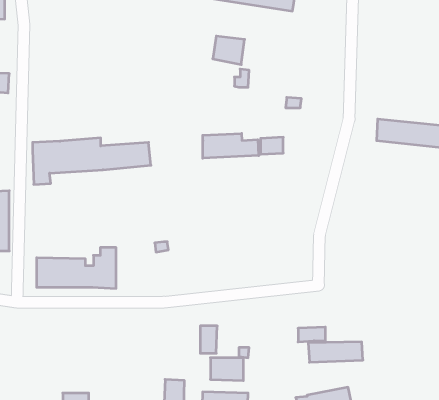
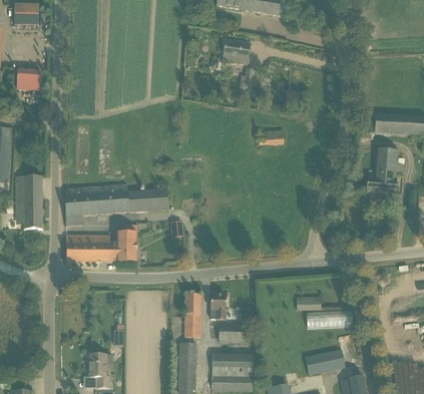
building: [203,133,259,158] -> none
building: [33,138,151,184] -> [65,183,169,225]
building: none -> [366,148,404,191]
building: none -> [185,294,200,336]

